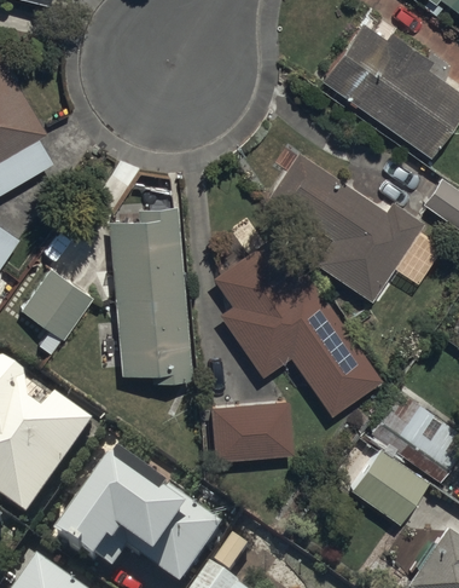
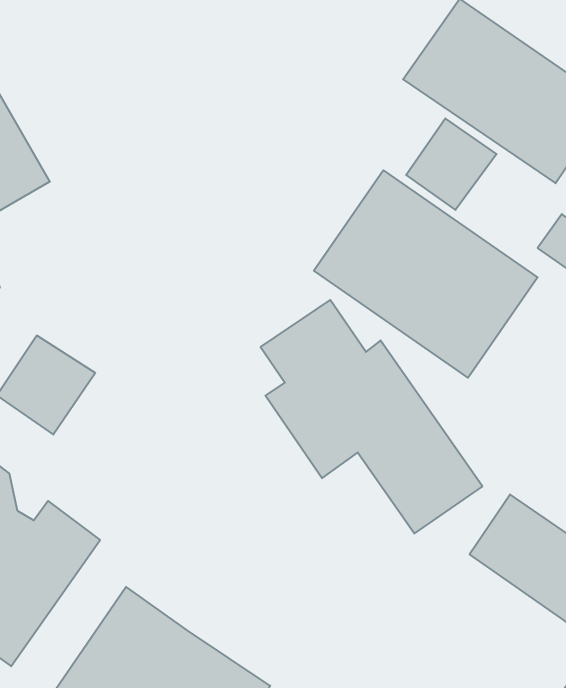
building: none -> [406,118,497,210]
building: [105,206,192,382] -> none
building: [209,403,292,465] -> none
building: [350,449,426,524] -> none

